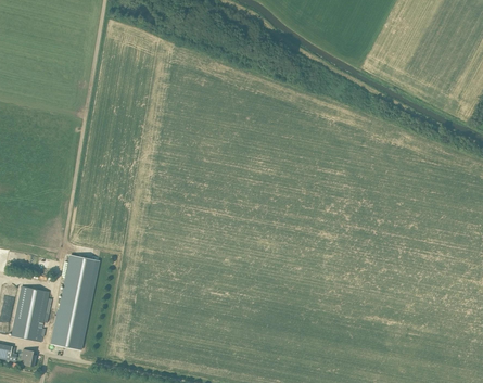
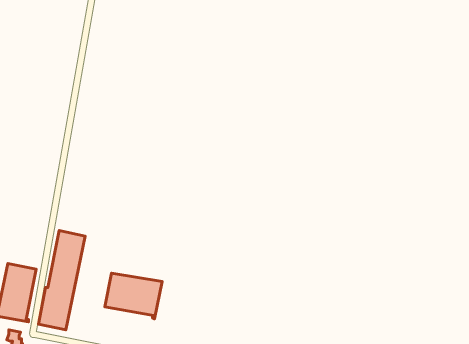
building: none -> [105,273,162,319]

